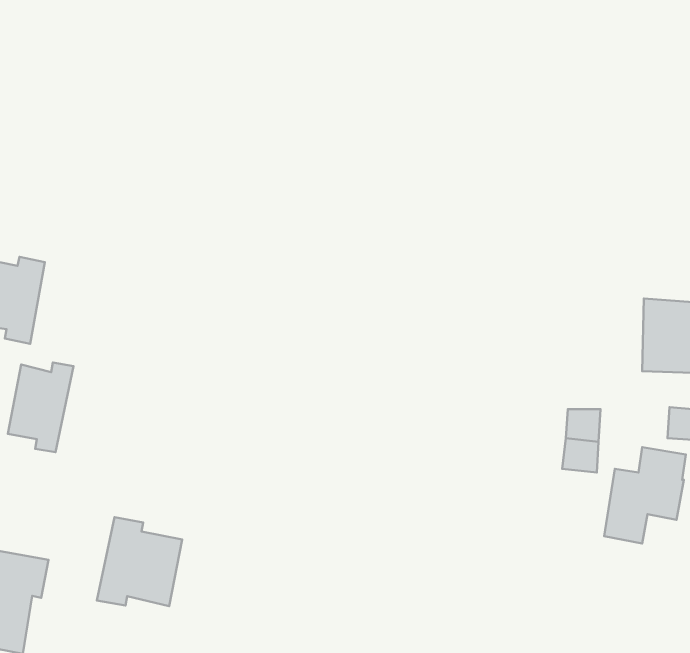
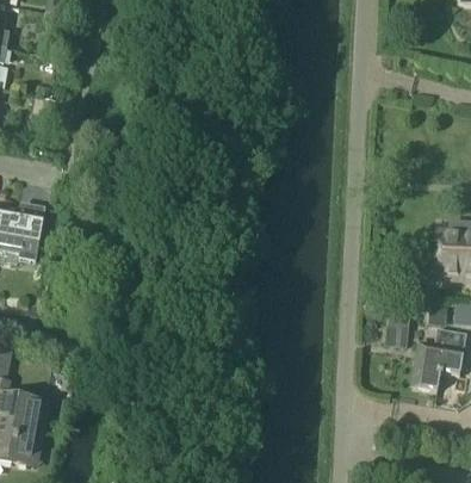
building: [8,363,73,452] -> none
building: [97,517,182,606] -> none

